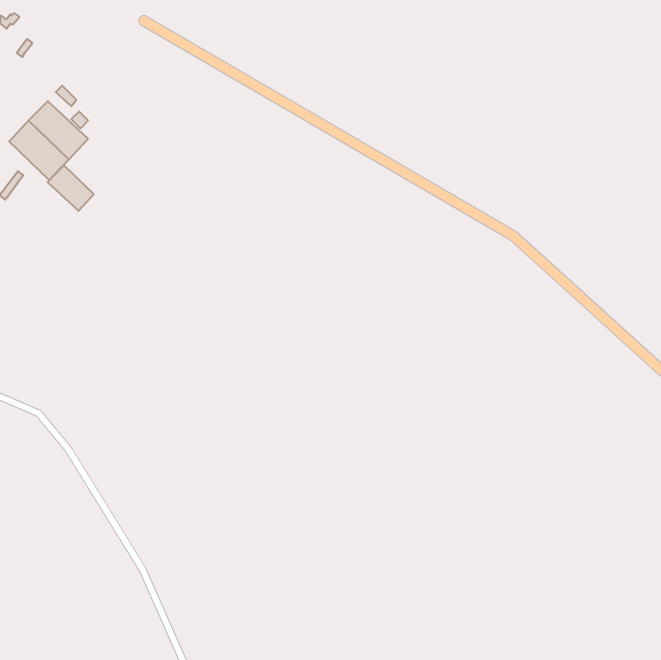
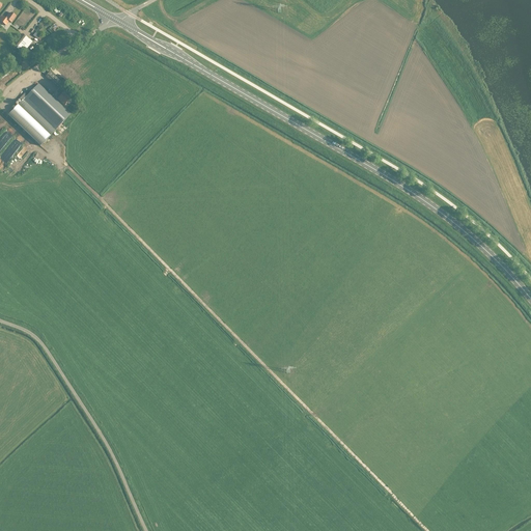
building: [48,165,94,211] -> none

